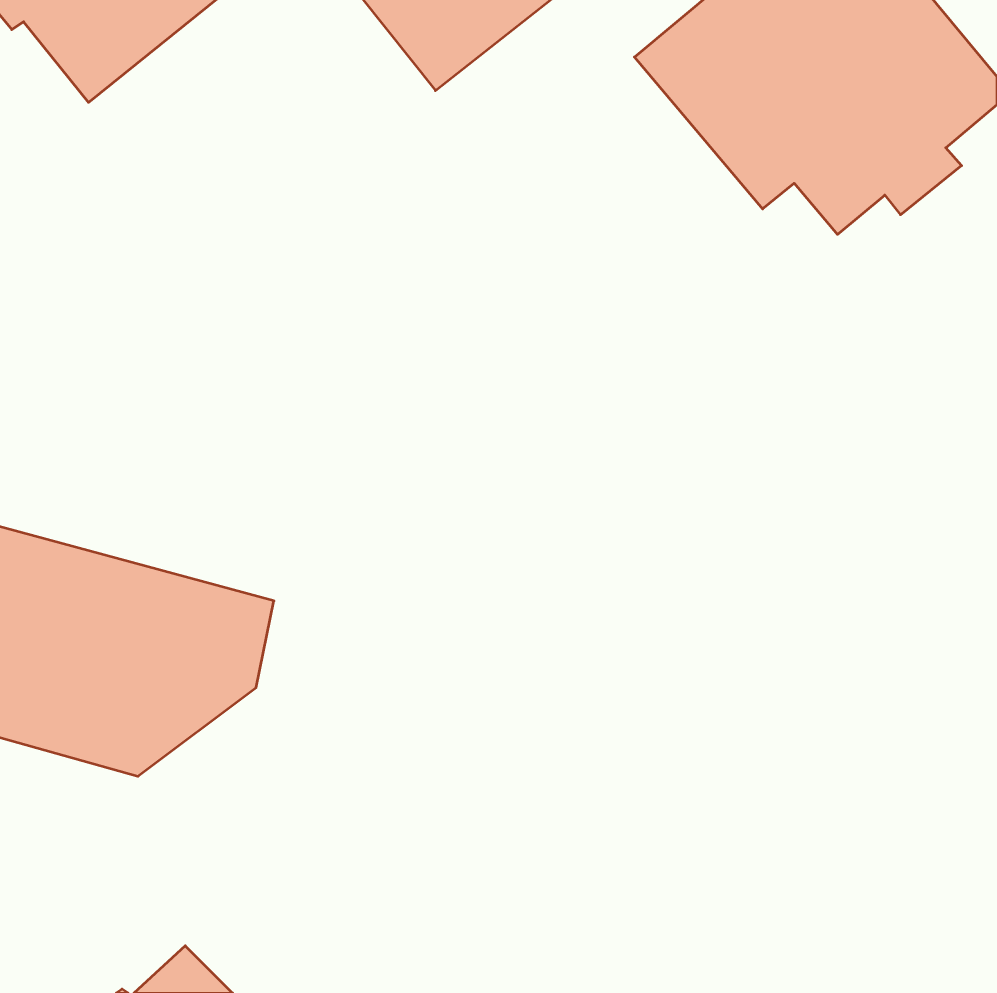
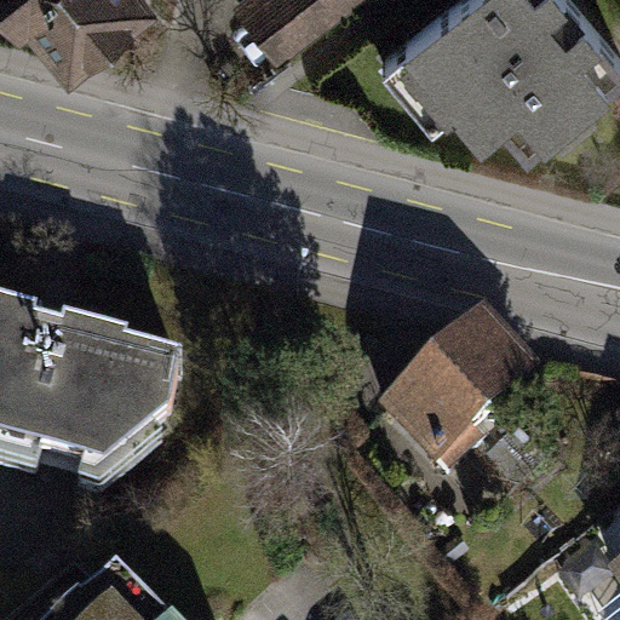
building: none -> [386,315,528,455]

